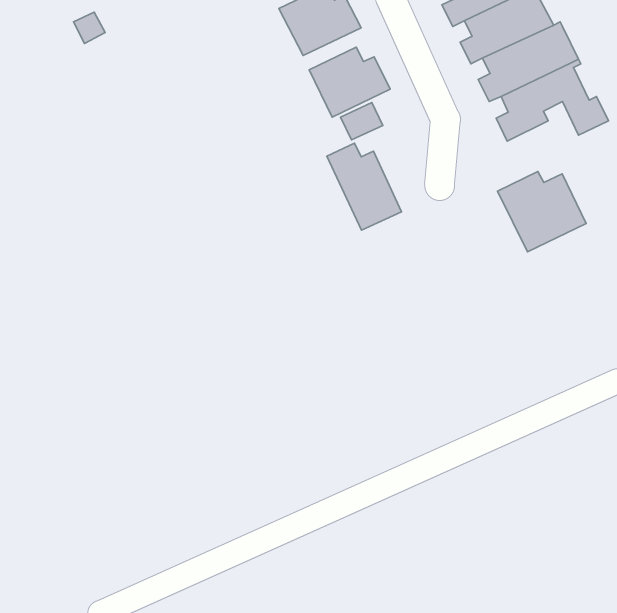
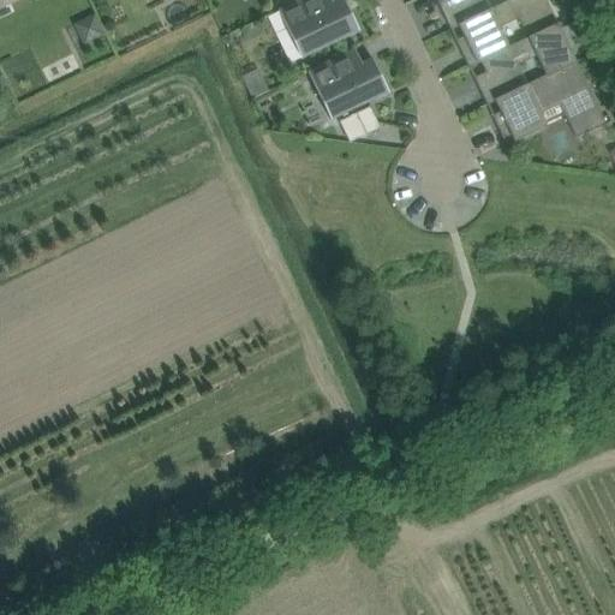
building: [327,143,401,230] -> none
building: [497,171,586,252] -> none

